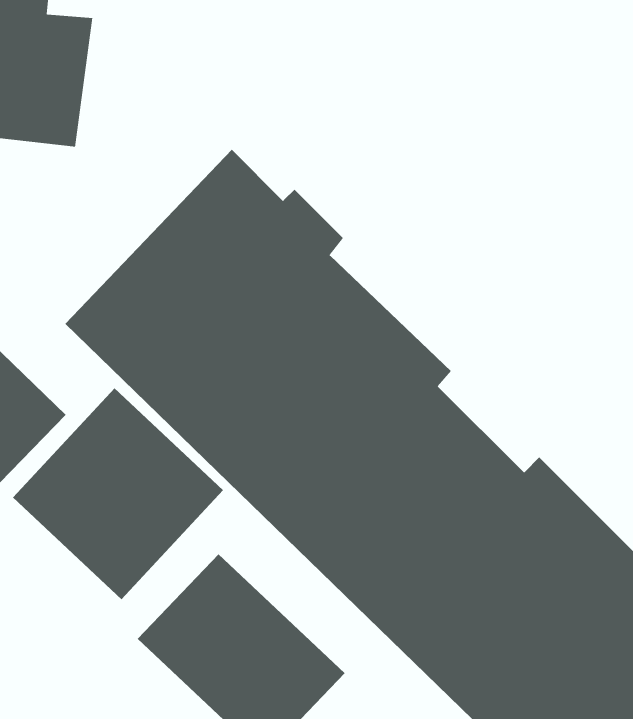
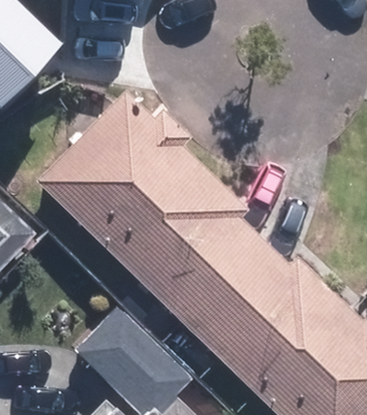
building: [12,387,224,600] -> none

